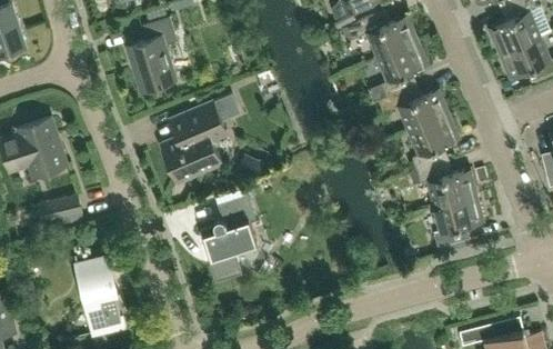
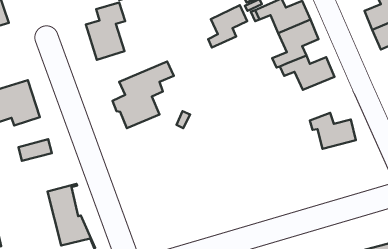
building: none -> [208,5,247,47]
building: [408,114,459,171] -> none
building: [198,196,255,283] -> none
building: [433,197,483,248] -> none

